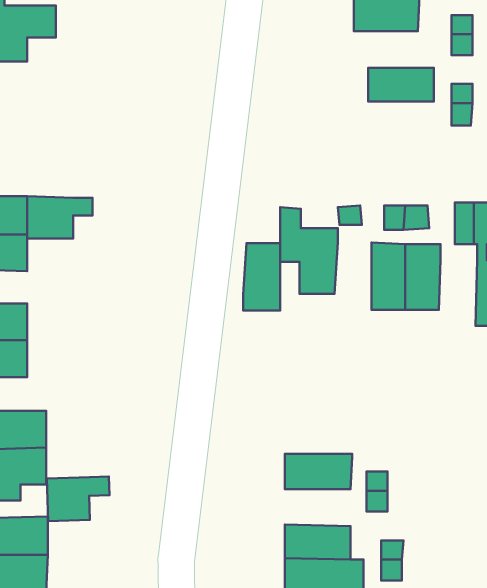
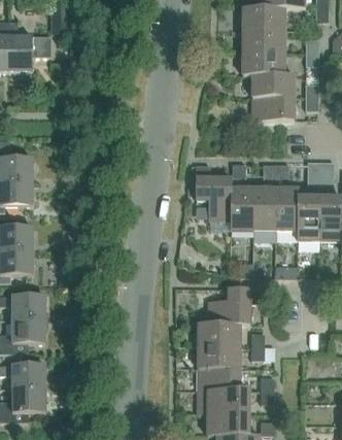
building: none -> [242,50,283,74]
building: none -> [251,96,294,120]
building: [27,196,93,239] -> none
building: [243,243,280,310] -> [230,187,253,230]
building: none -> [297,198,321,240]
building: none -> [207,289,263,325]
building: [47,477,109,521] -> none
building: none -> [198,345,240,369]

